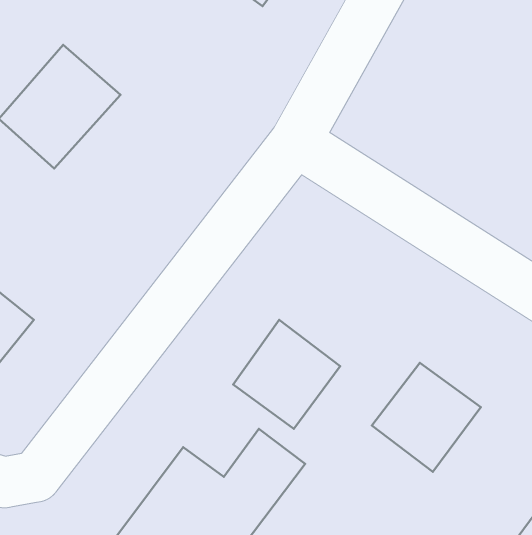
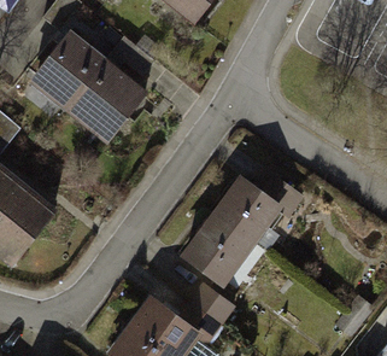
building: none -> [69,66,149,148]
building: [372,363,481,472] -> [216,173,287,244]

